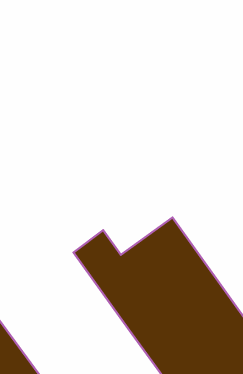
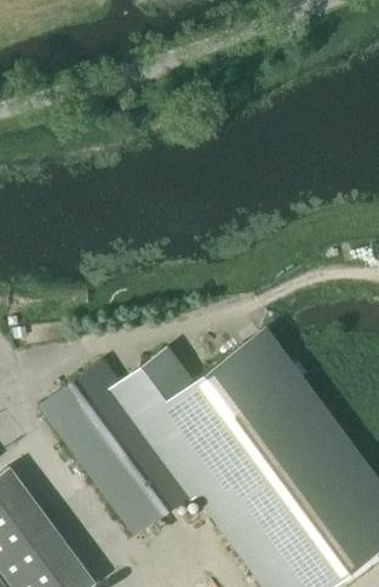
building: none -> [40,357,203,539]

